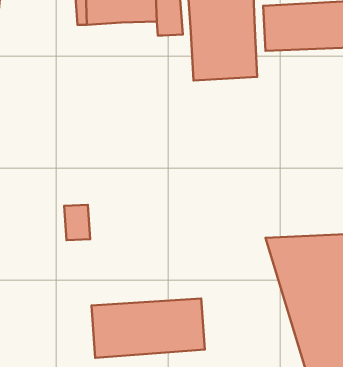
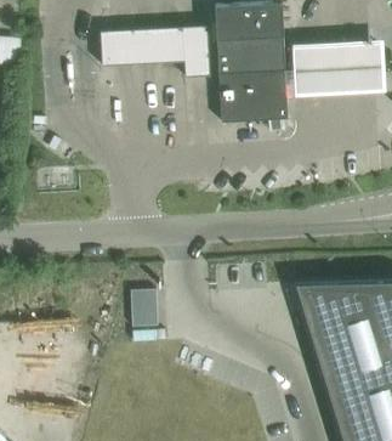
building: [64,205,90,240] -> [131,288,158,324]
building: [91,298,205,358] -> none

